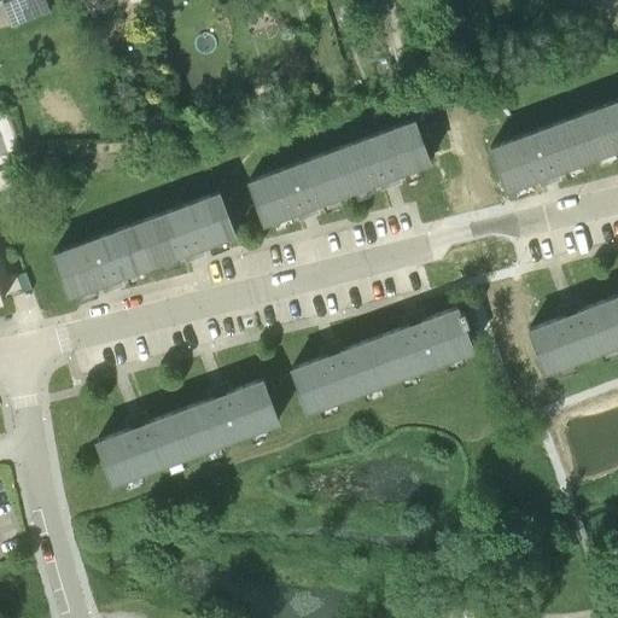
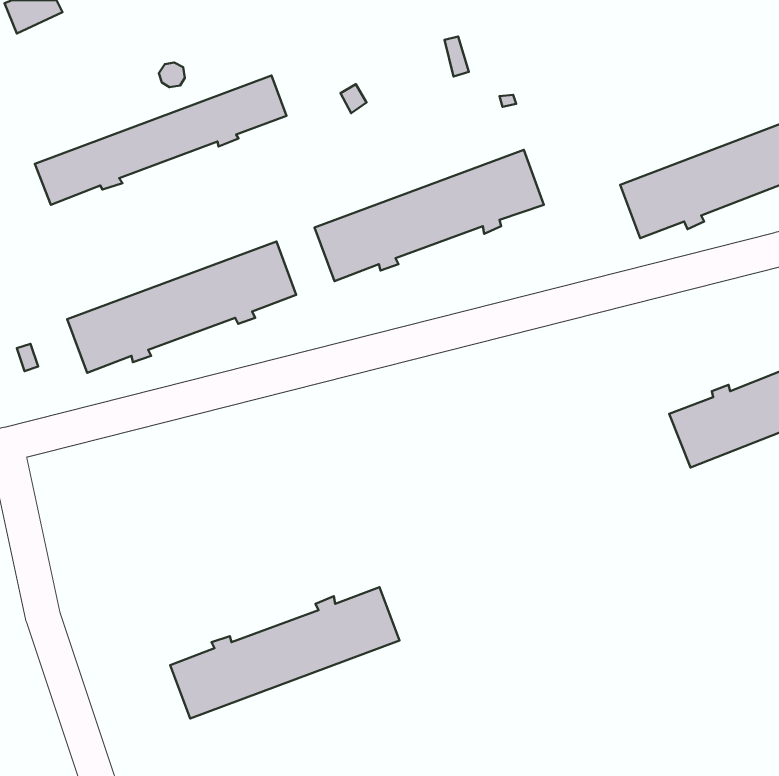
building: none -> [35,76,287,205]
building: [292,309,474,413] -> none
building: [98,381,279,485] -> [170,587,399,719]

